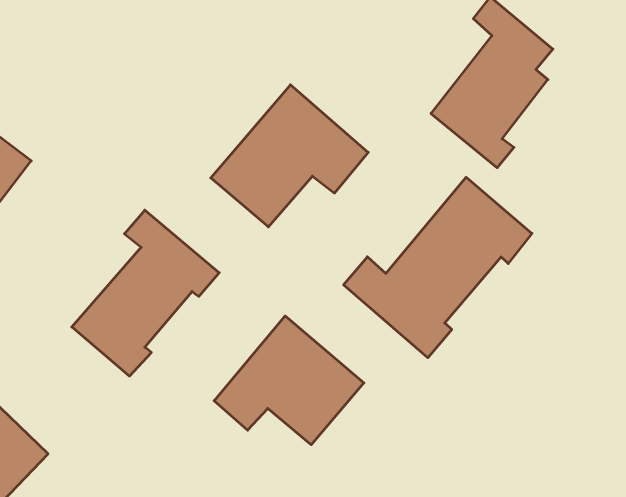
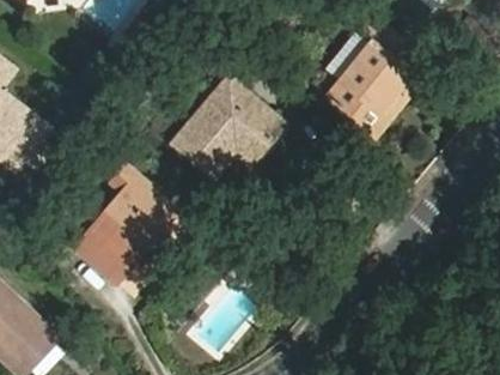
building: [344,177,532,358] -> none
building: [214,316,364,445] -> none

